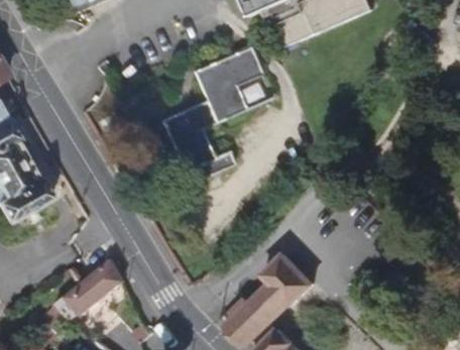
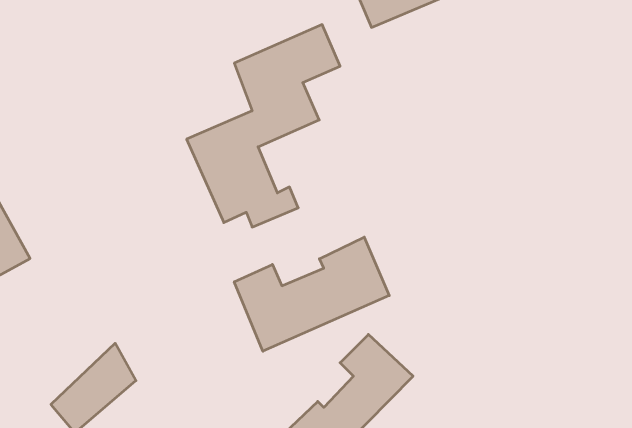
building: none -> [234,237,389,351]

